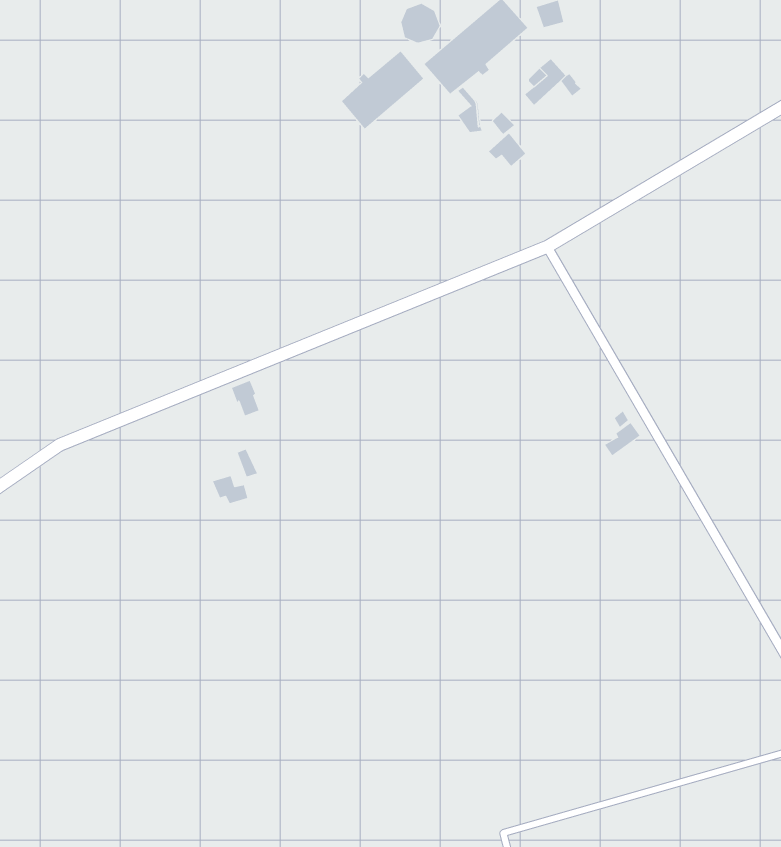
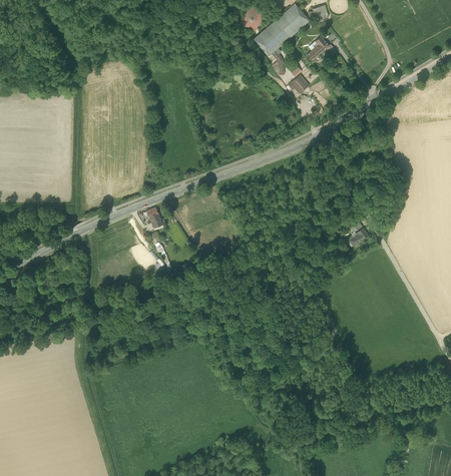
building: [341,51,424,130] -> none

